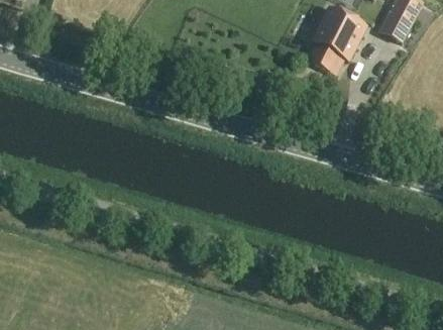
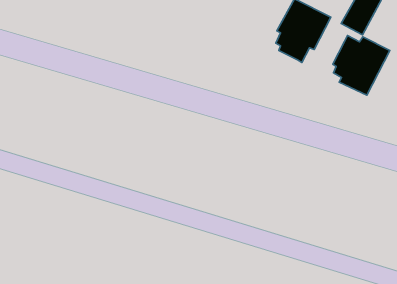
building: none -> [333,35,390,95]

